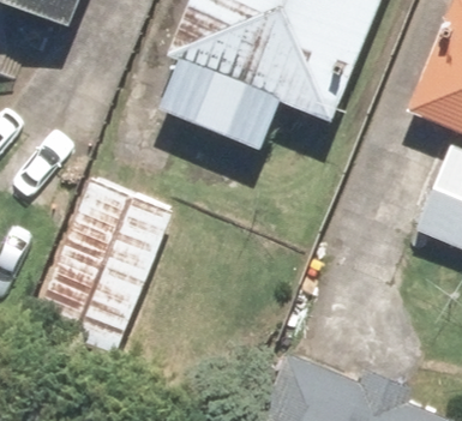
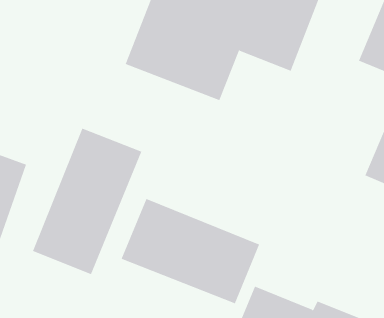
building: none -> [121,198,260,304]

